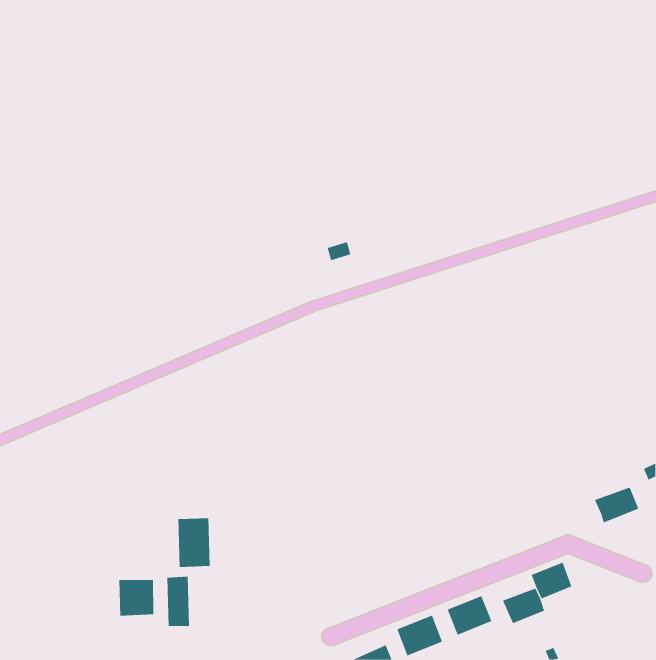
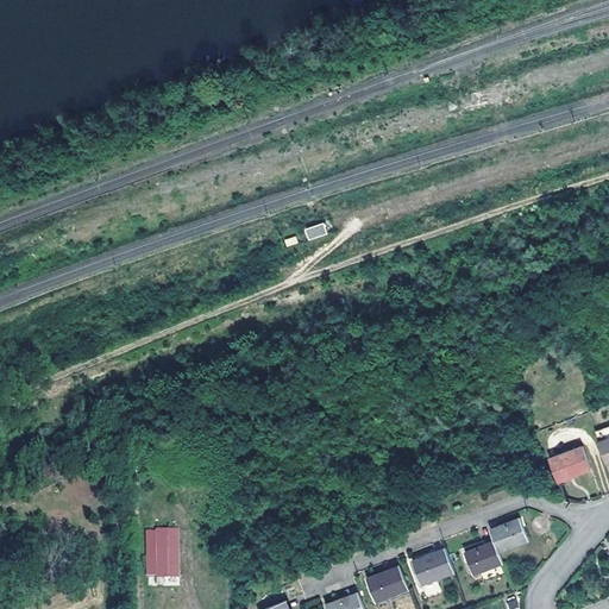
building: [178,517,210,568] -> none
building: [119,579,154,616] -> none

